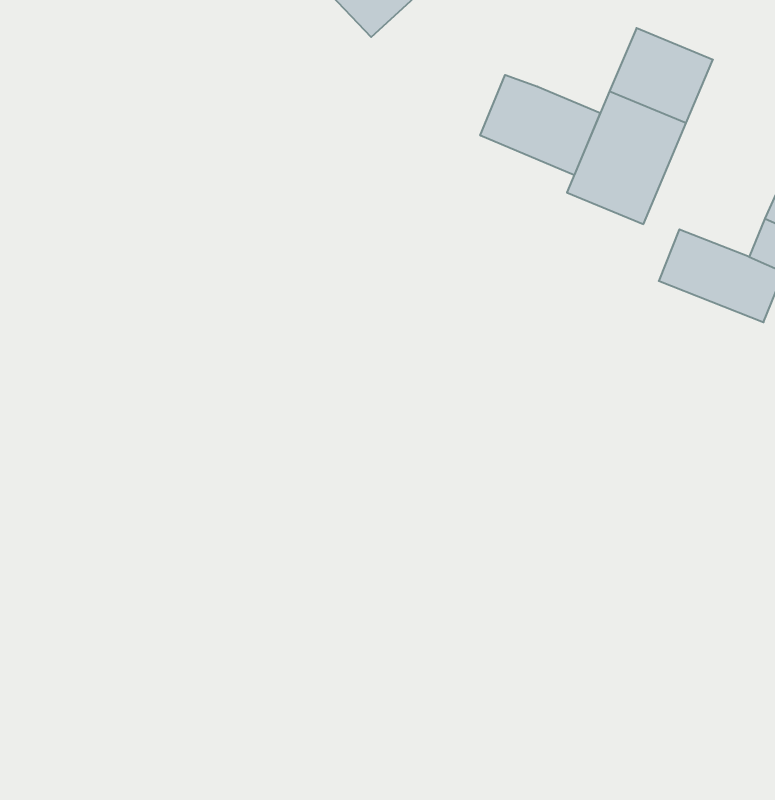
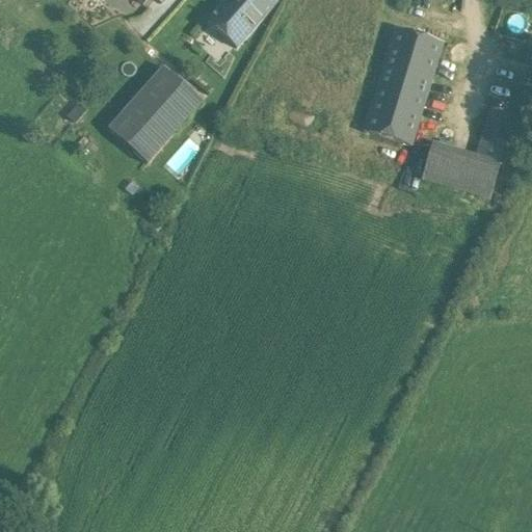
building: none -> [109,64,204,161]
building: [480,75,600,175] -> none

